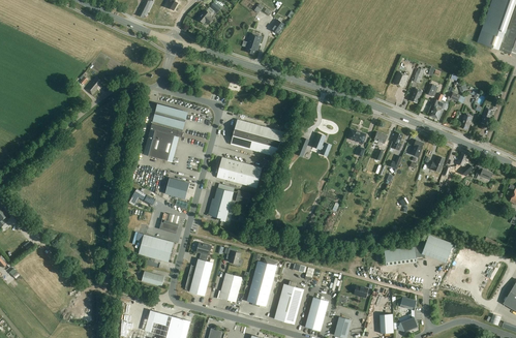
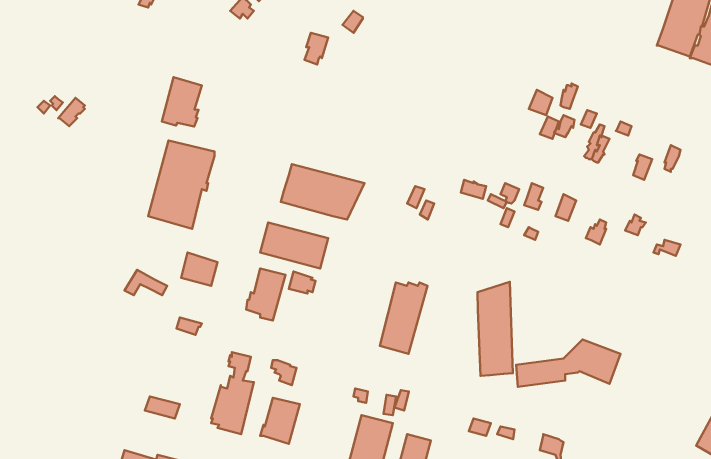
building: none -> [162,77,202,127]
building: none -> [478,282,513,376]
building: [139,234,174,262] -> none
building: [247,259,278,306] -> [380,283,427,354]

